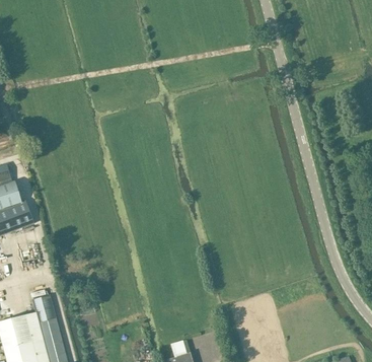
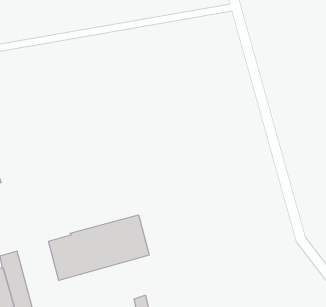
building: none -> [49,215,149,281]

